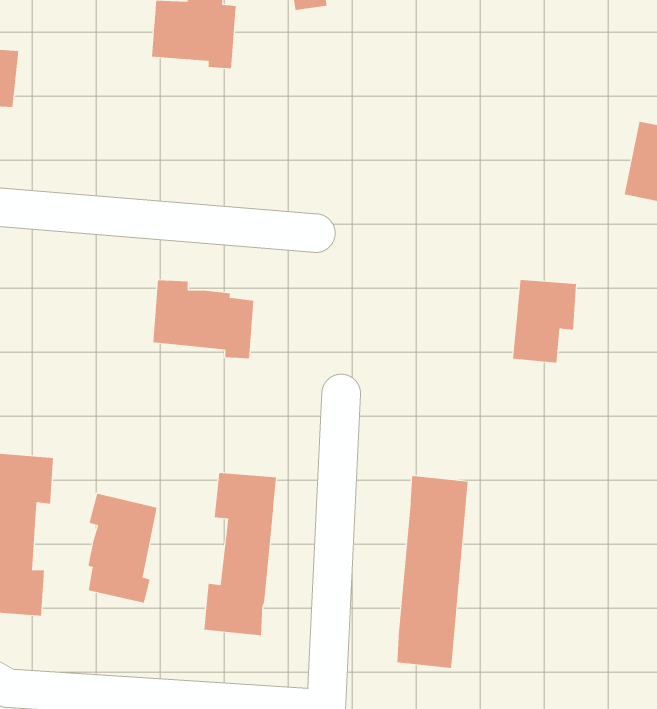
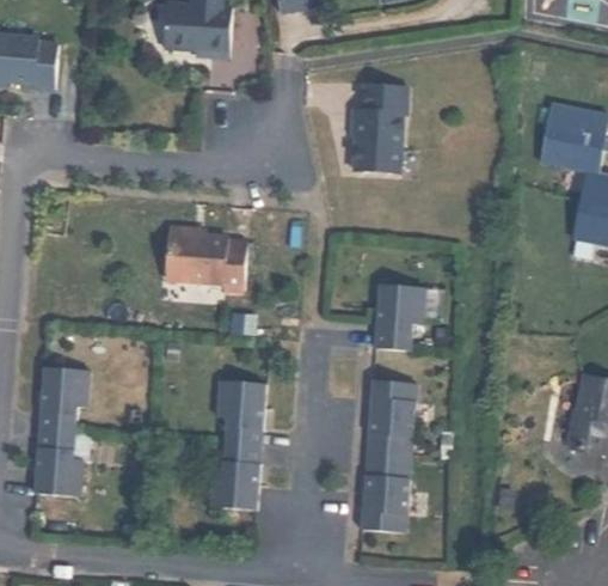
building: none -> [351,87,406,175]
building: [512,279,577,363] -> [374,287,425,354]
building: [88,493,157,604] -> none

